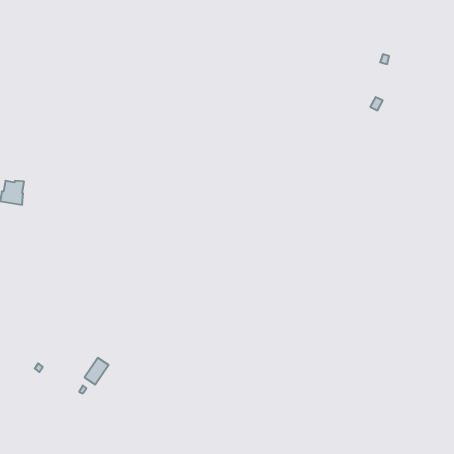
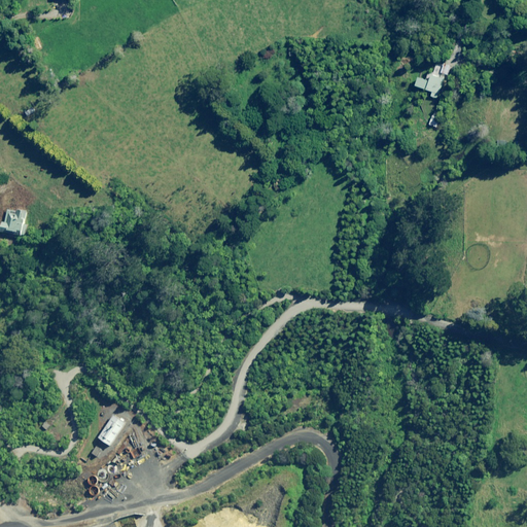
building: none -> [414,73,443,98]

